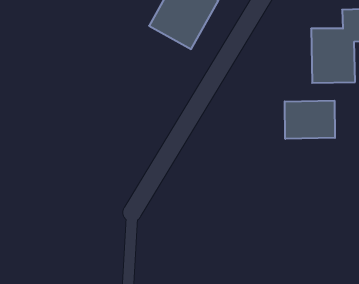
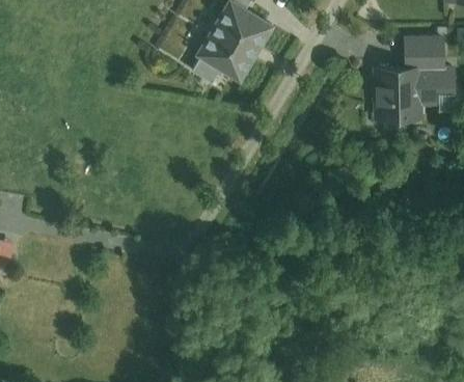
building: [285,101,335,139] -> none

